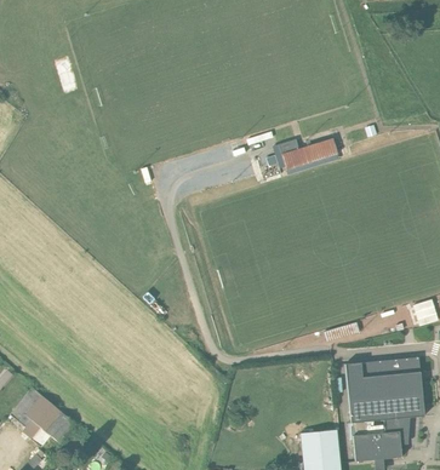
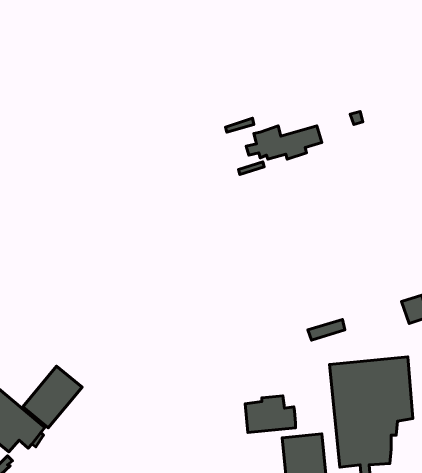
building: none -> [23,366,82,428]
building: none -> [245,396,296,432]

